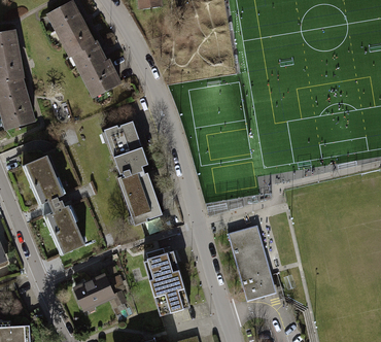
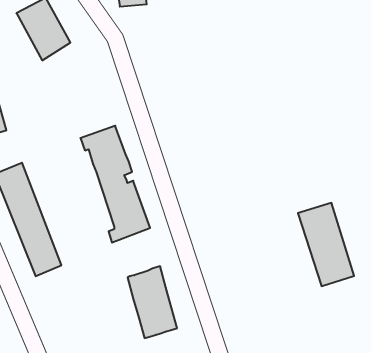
building: [67,42,118,100] -> none
building: [227,226,278,302] -> [298,203,354,286]
building: [72,271,116,307] -> none

